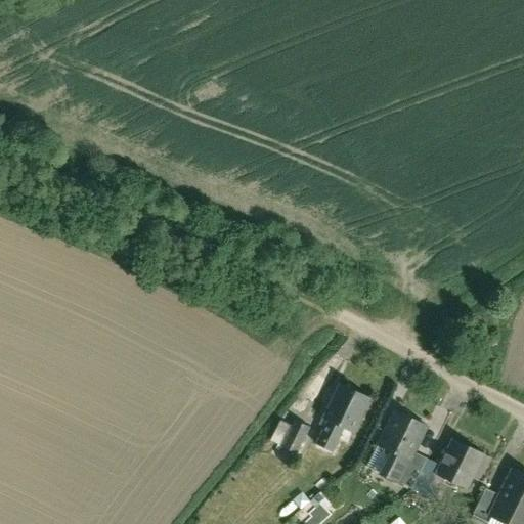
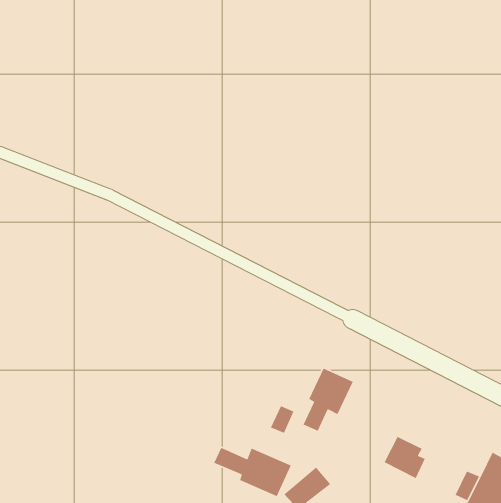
building: [378,410,428,484] -> none
building: [438,441,488,488] -> none
building: none -> [213,447,292,497]

